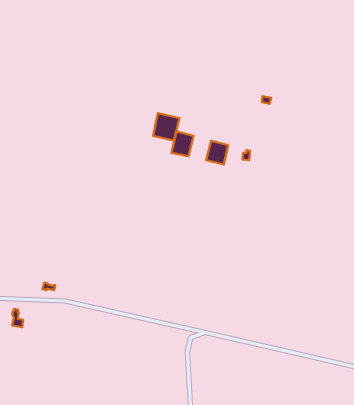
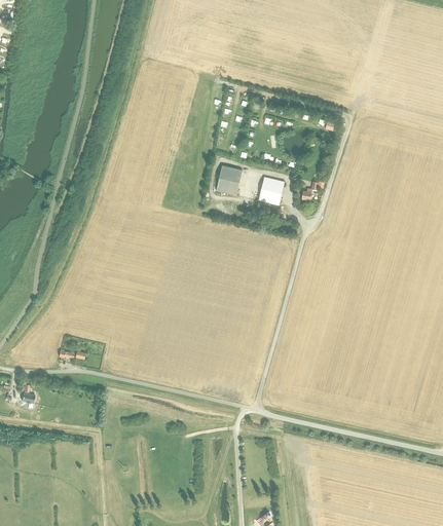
building: [153,113,180,141] -> none

